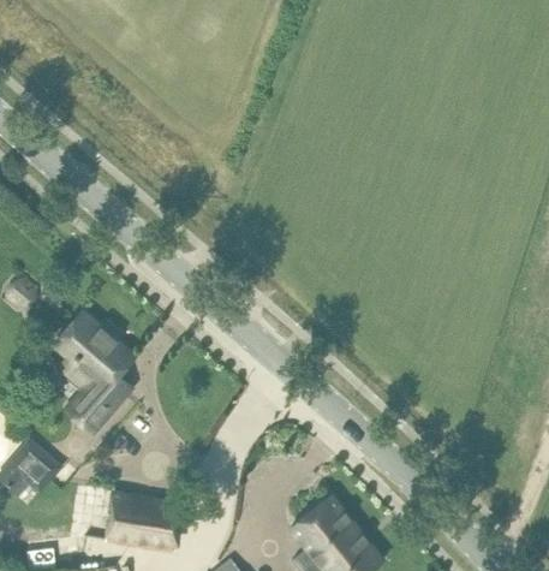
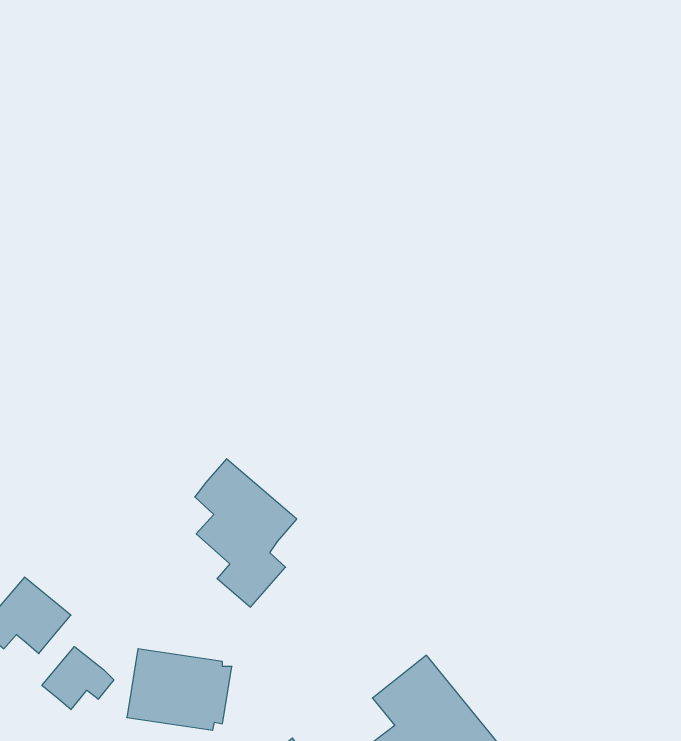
building: [55,313,132,424] -> [195,459,297,607]
building: none -> [42,647,114,710]

